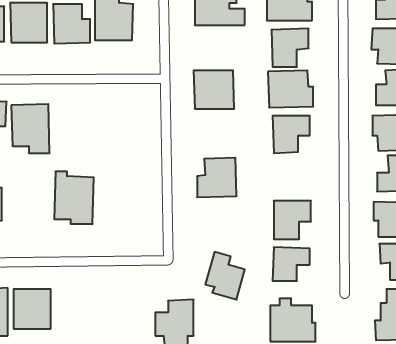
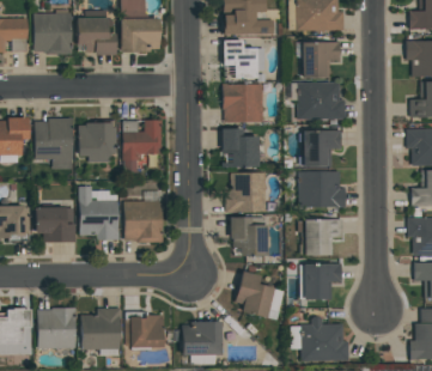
building: none -> [224,41,262,79]
building: none -> [123,120,163,160]
building: none -> [79,121,112,163]
building: none -> [223,129,260,168]
building: none -> [300,171,347,208]
building: none -> [123,190,163,243]
building: none -> [36,203,75,243]
building: none -> [232,214,268,257]
building: none -> [81,306,121,355]
building: none -> [130,314,165,347]

